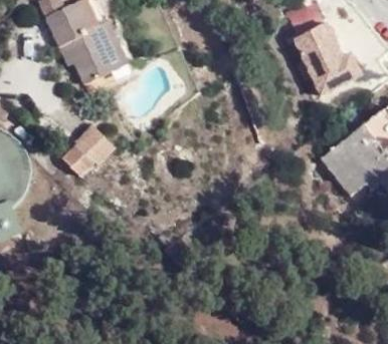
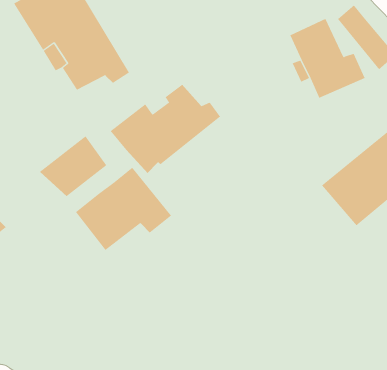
building: none -> [110,84,221,174]
building: none -> [75,167,172,251]

